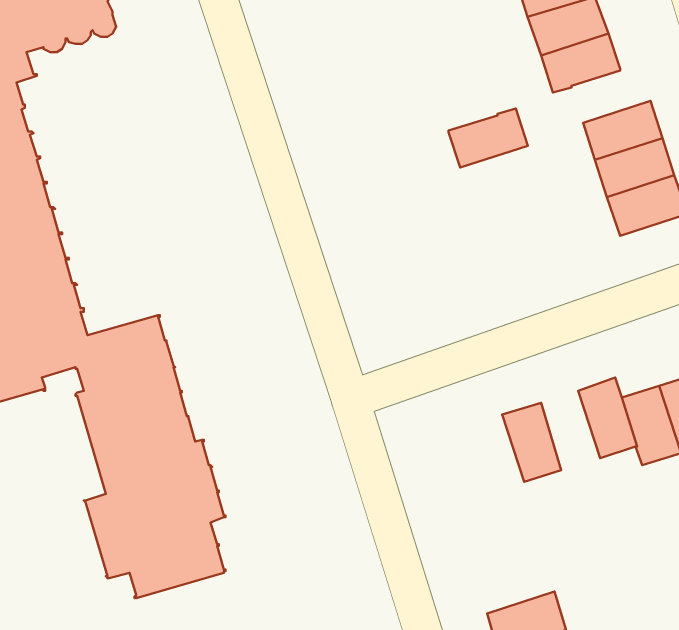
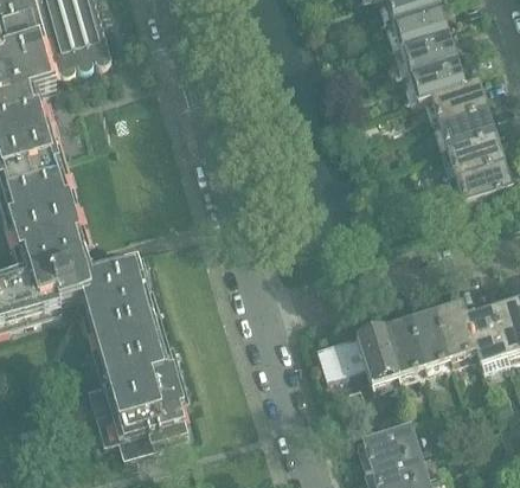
building: [448,109,528,168] -> [429,78,484,120]
building: none -> [407,308,449,364]
building: none -> [314,325,396,380]
building: none -> [360,423,417,464]

